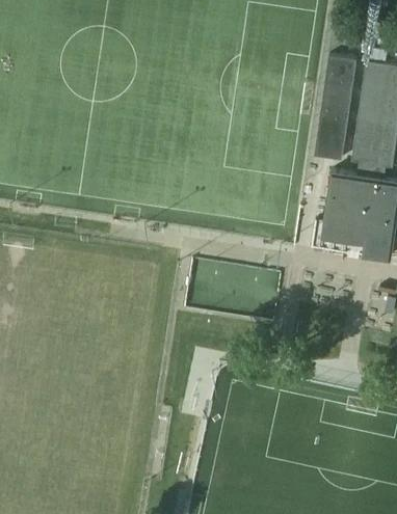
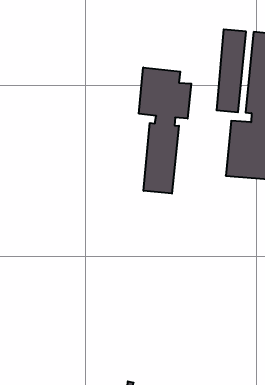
building: none -> [139,67,191,194]

